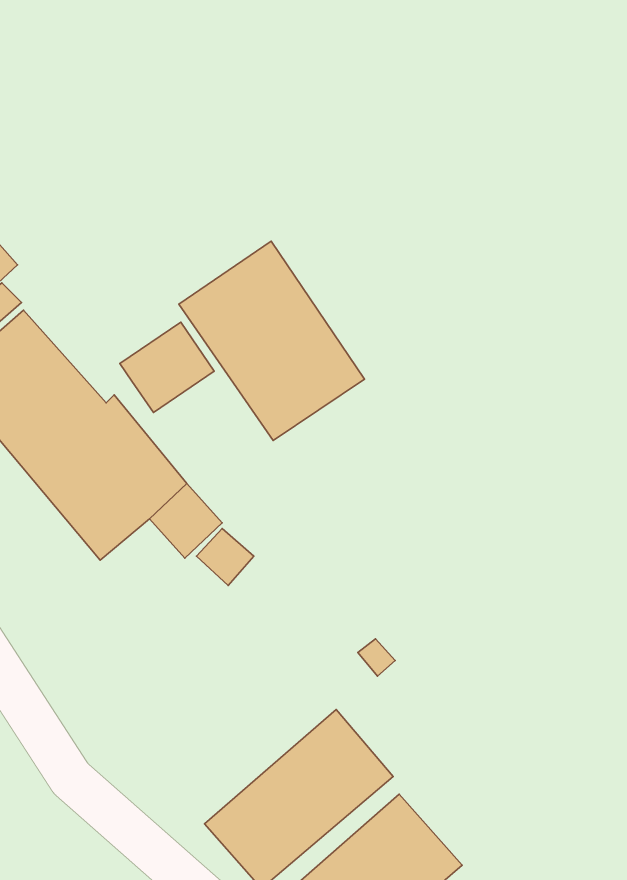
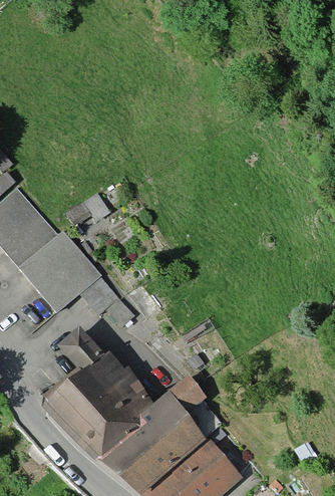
building: [179,241,365,440] -> none
building: none -> [40,330,152,463]

